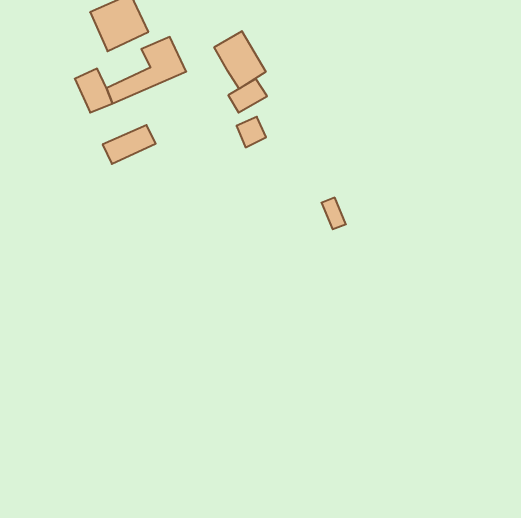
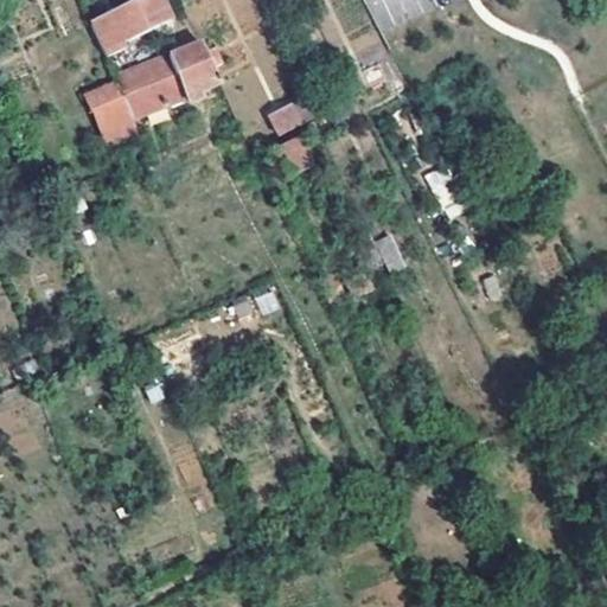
building: [214,31,266,89] -> none
building: [103,125,156,164] -> [113,57,174,102]

